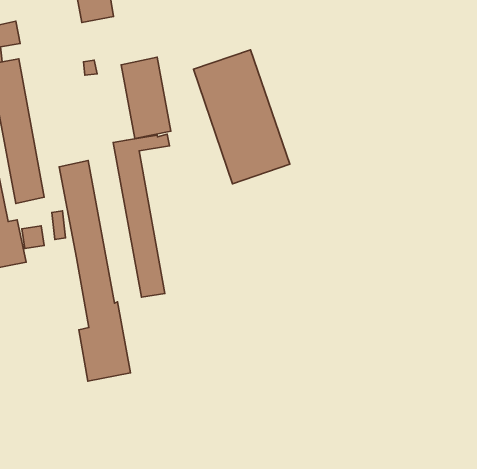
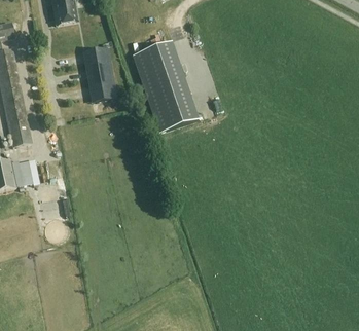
building: [113,134,170,297] -> none
building: [59,161,131,381] -> none

